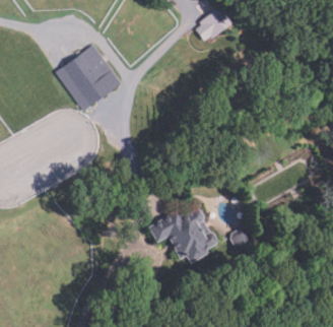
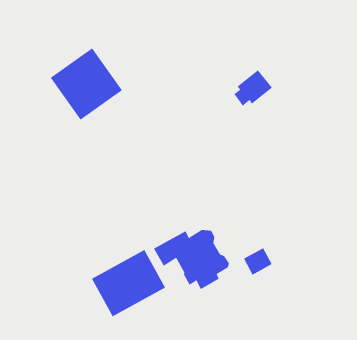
building: [196,6,231,40] -> [234,70,273,107]
building: none -> [91,249,166,317]

